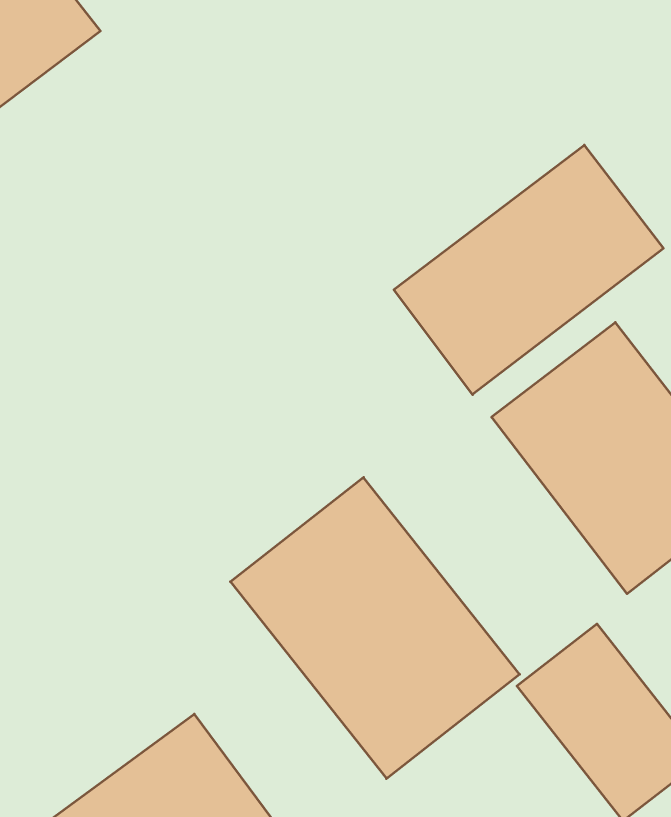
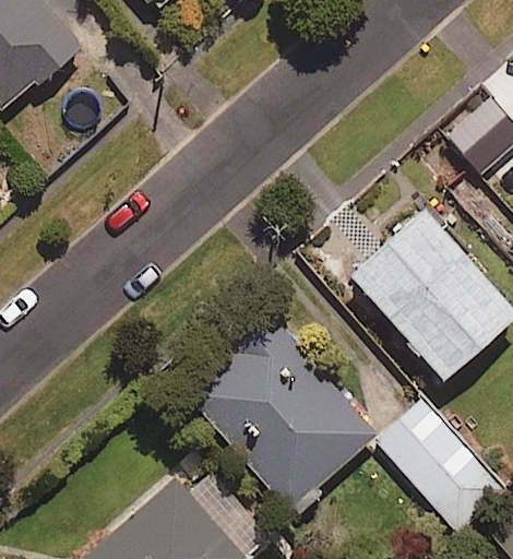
building: [394,145,663,395] -> none

